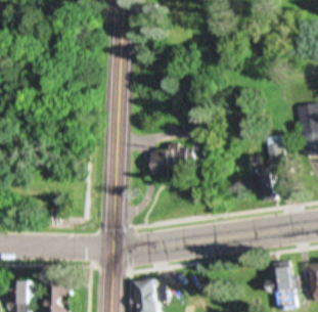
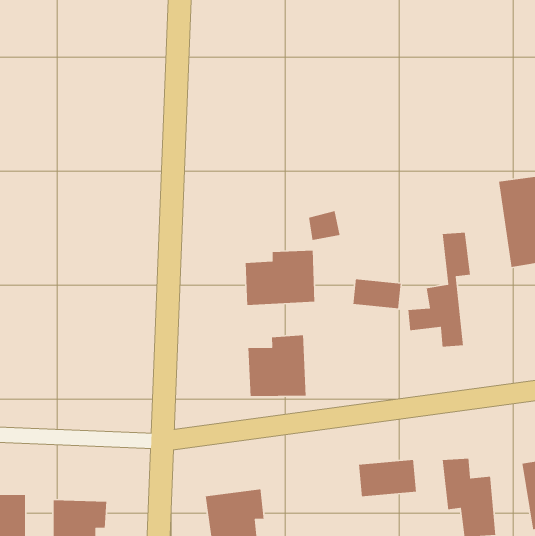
building: none -> [352,278,401,309]
building: none -> [247,334,307,397]
building: none -> [358,459,417,497]

